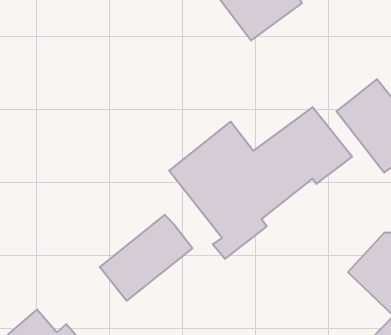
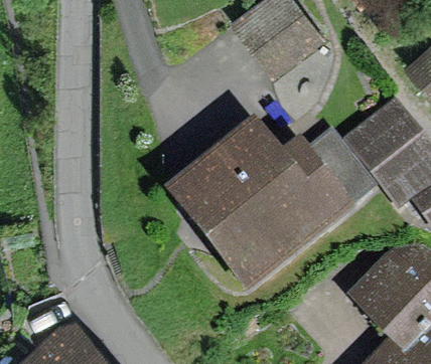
building: [100,215,192,301] -> none

